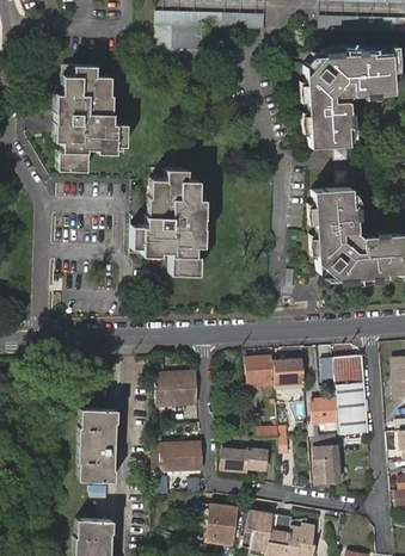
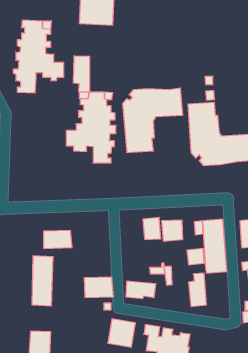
building: [303,51,392,146] -> [123,88,183,153]
building: none -> [74,56,90,92]
building: [157,377,198,403] -> [44,230,72,248]

